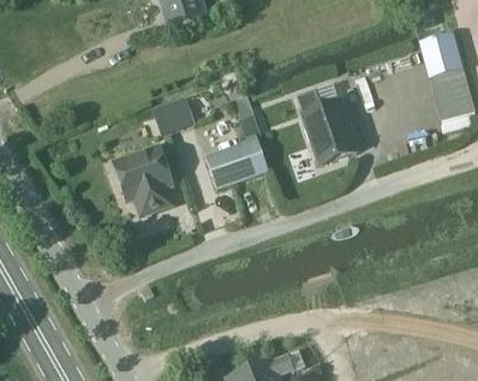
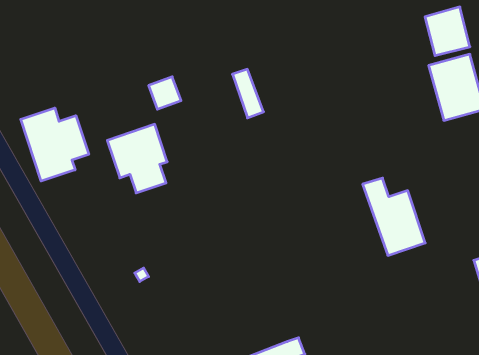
building: [295,90,355,165] -> [363,178,425,255]
building: none -> [21,108,89,181]
building: [205,139,267,189] -> none

